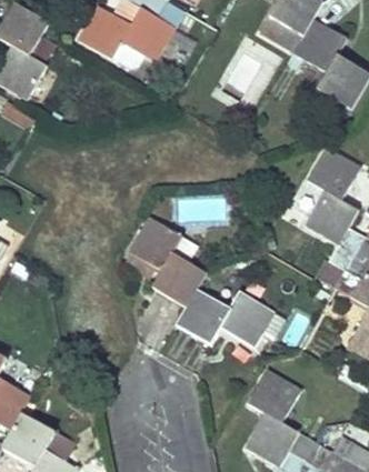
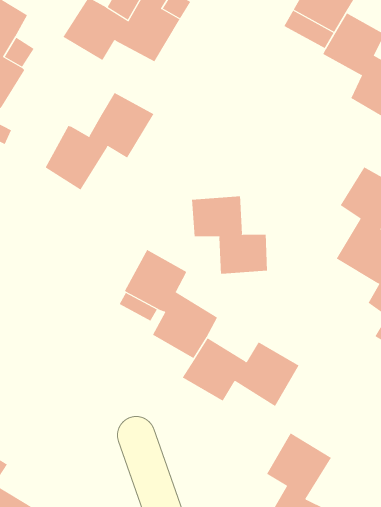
building: none -> [45,92,154,190]
building: none -> [191,195,268,274]

